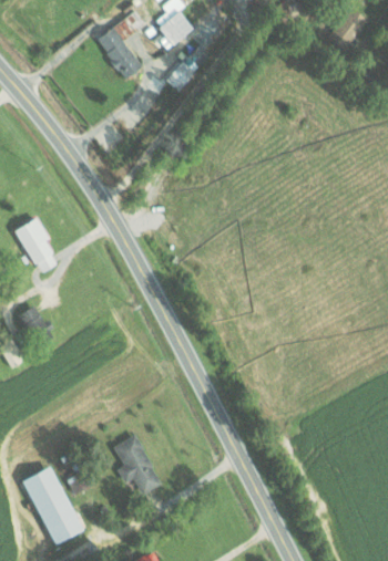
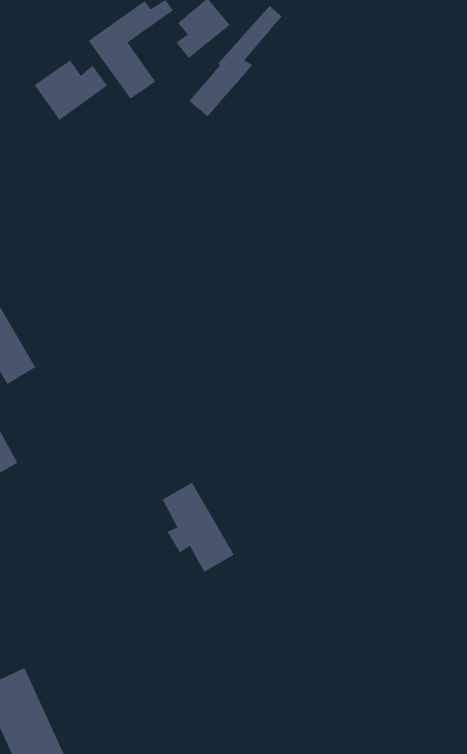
building: none -> [34,59,108,121]
building: [113,434,163,496] -> [162,482,235,573]

